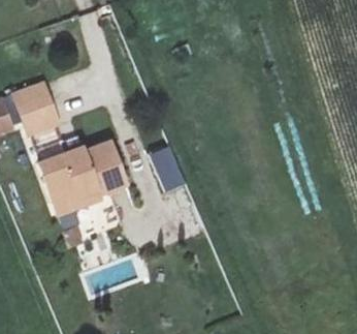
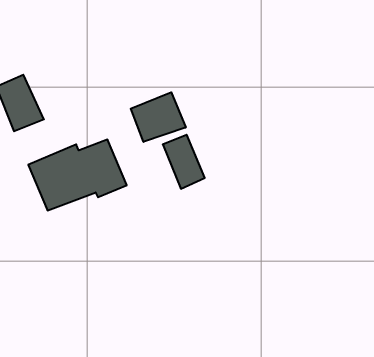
building: none -> [131,92,186,142]

